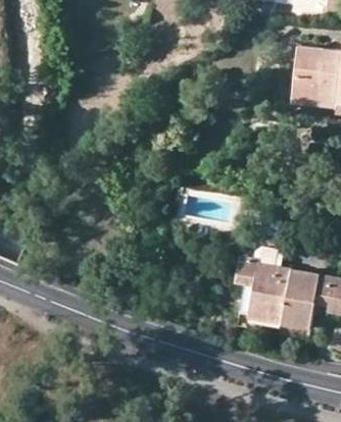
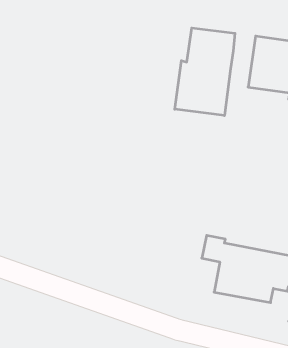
building: none -> [175,28,235,116]

